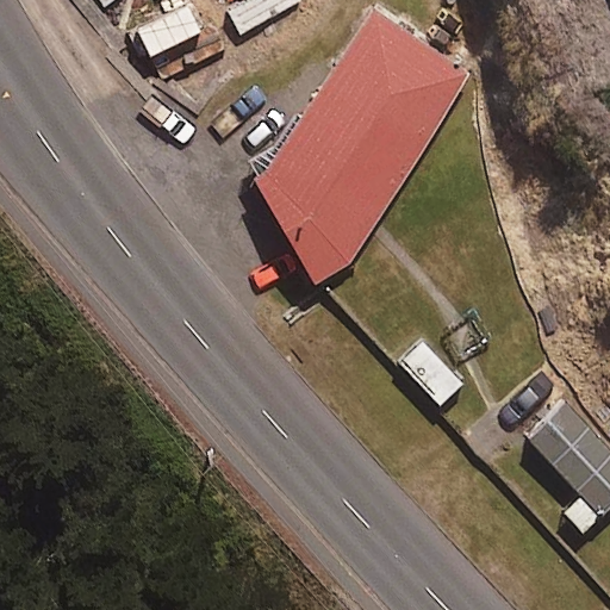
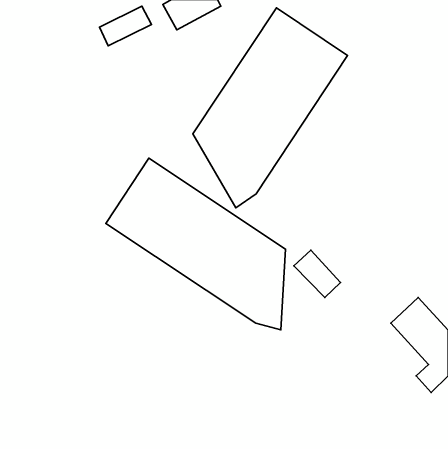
building: none -> [106,158,286,330]

